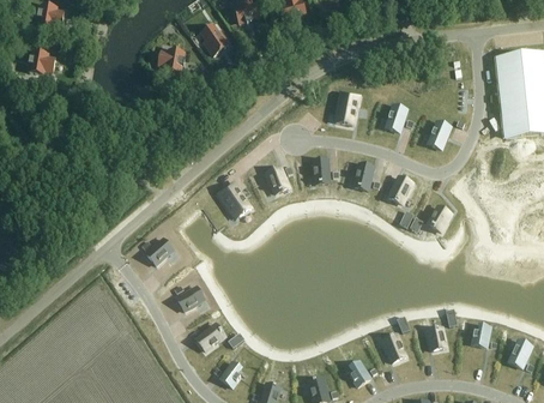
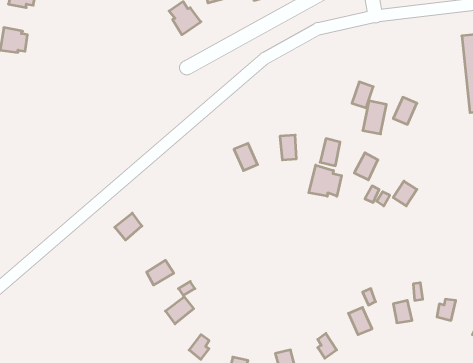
building: [158,48,186,73] -> none
building: [334,91,358,125] -> [363,101,386,134]
building: [217,182,250,217] -> none
building: none -> [309,165,342,196]

